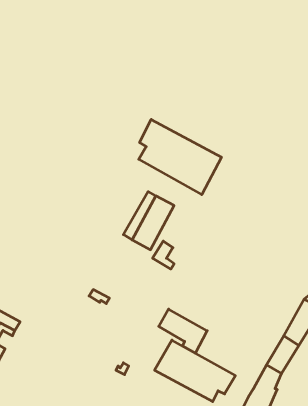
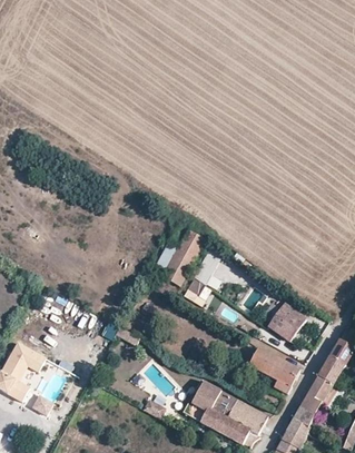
building: [139,119,221,195] -> none
building: none -> [268,304,305,341]
building: [159,309,207,353] -> [249,345,299,391]

